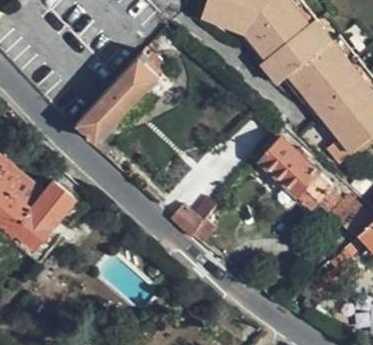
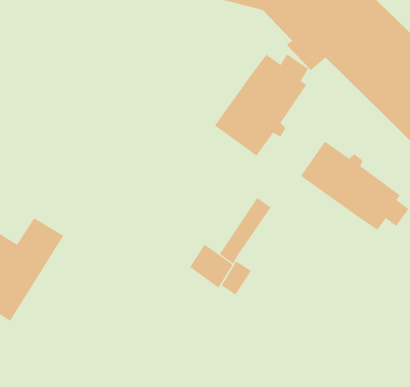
building: [73,49,163,143] -> none
building: none -> [214,53,309,157]

